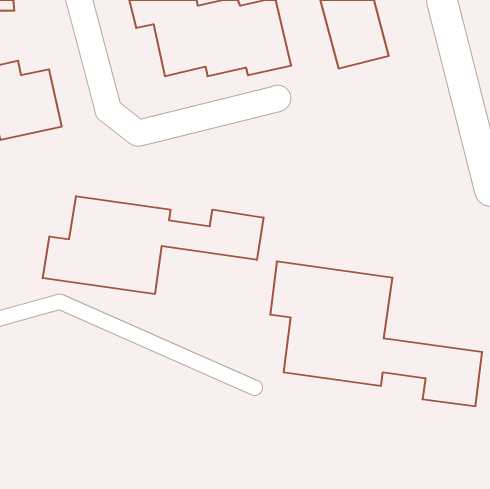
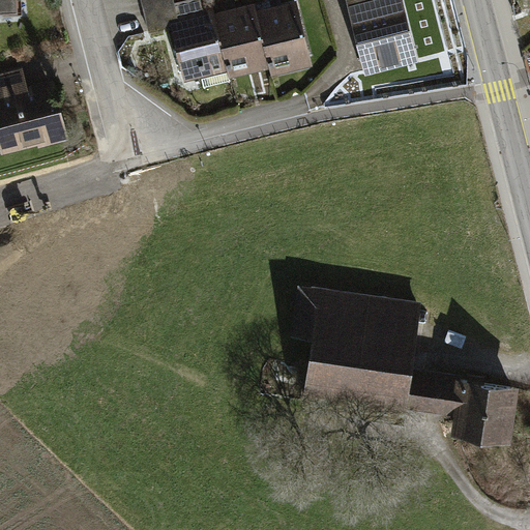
building: [43,196,264,294] -> none

